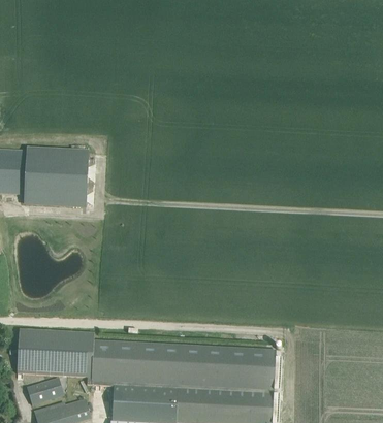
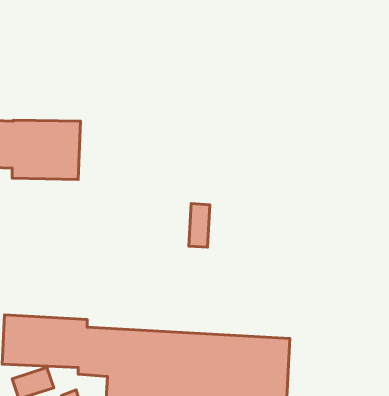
building: none -> [189,203,210,247]

